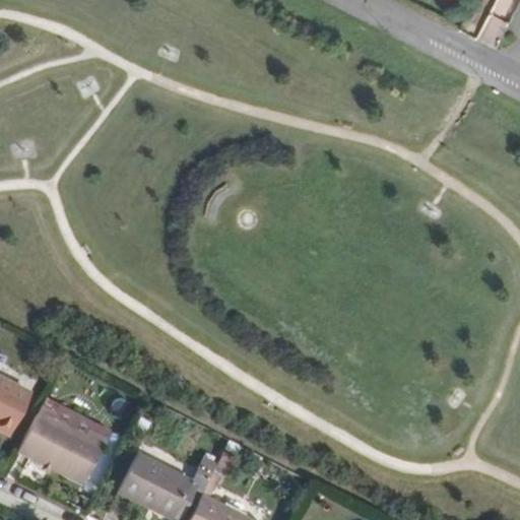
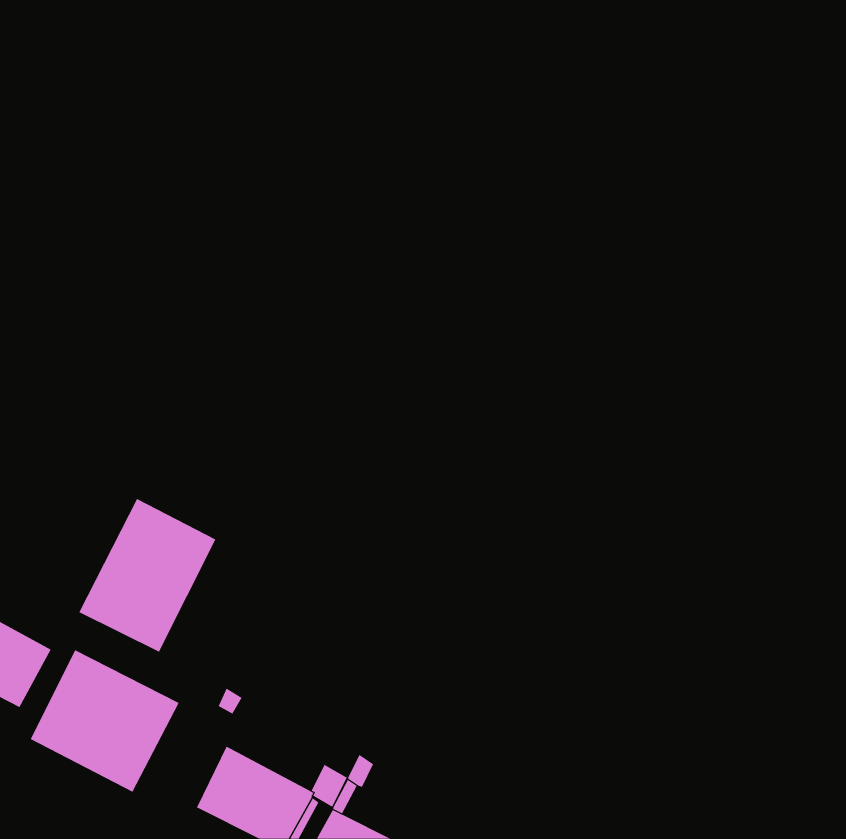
building: none -> [79,498,216,652]

